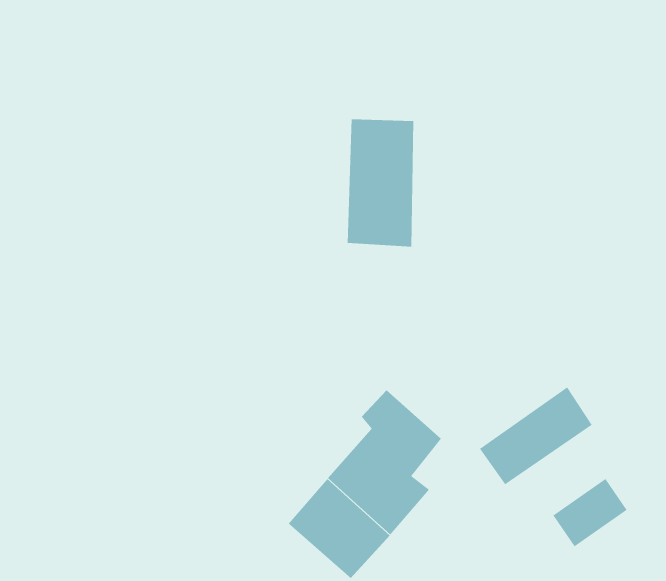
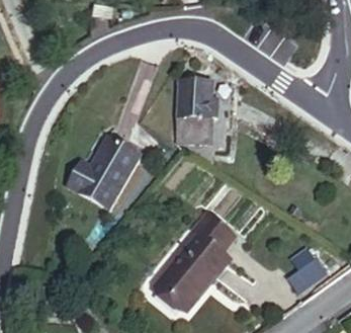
building: none -> [76,149,144,215]
building: [479,387,592,485] -> none

